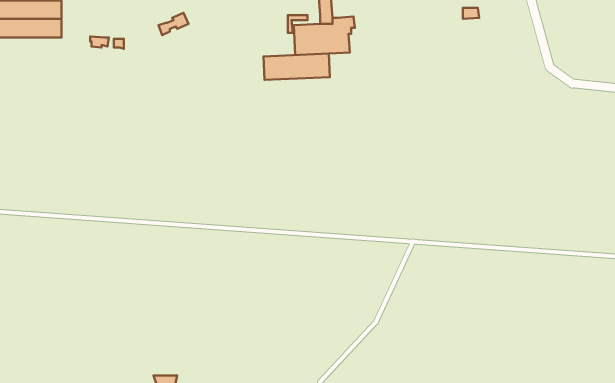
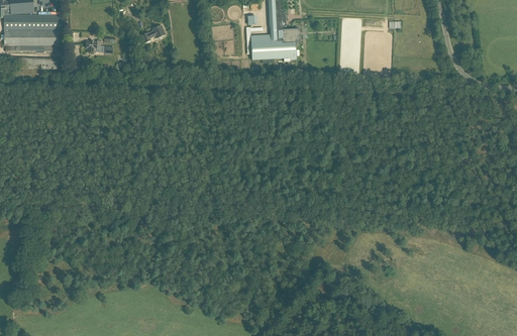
building: [263,54,330,80] -> none

